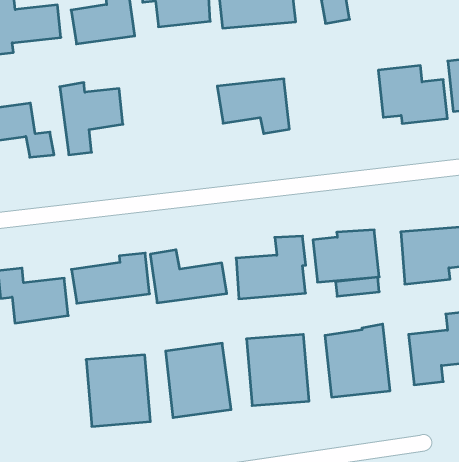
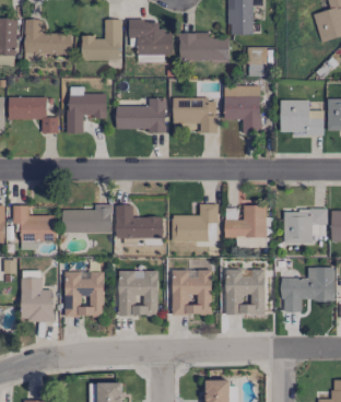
building: none -> [224,86,261,132]
building: none -> [117,98,167,133]
building: none -> [21,277,54,321]

